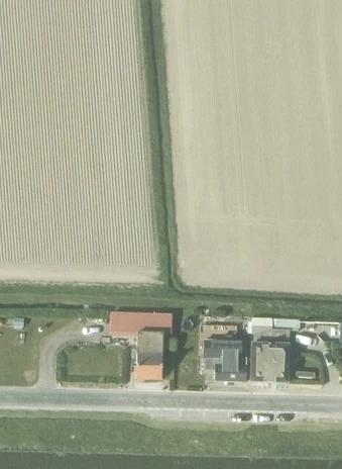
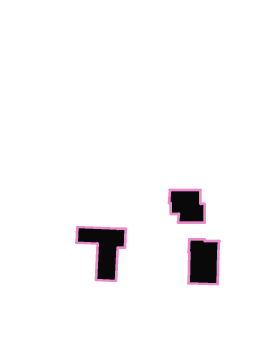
building: [203,340,247,380] -> [169,190,205,223]

